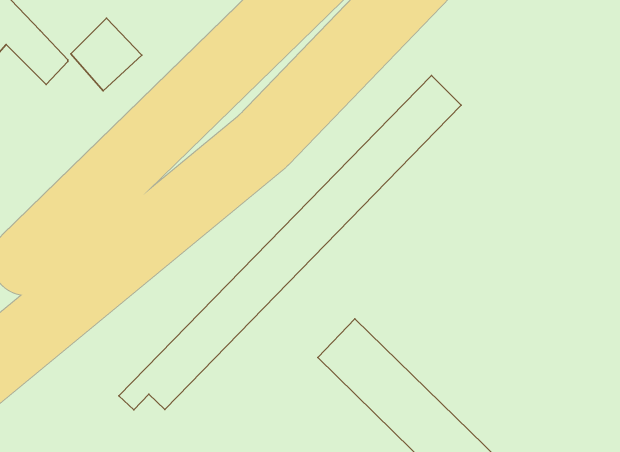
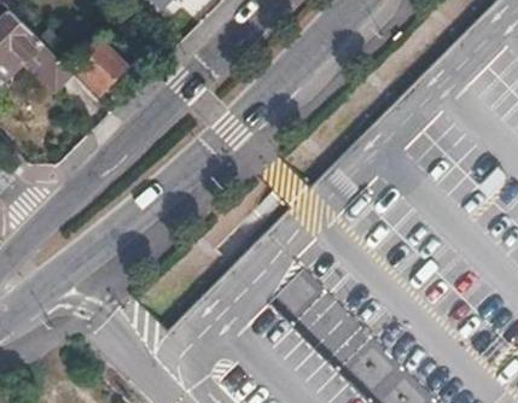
building: [119,75,461,410] -> none

